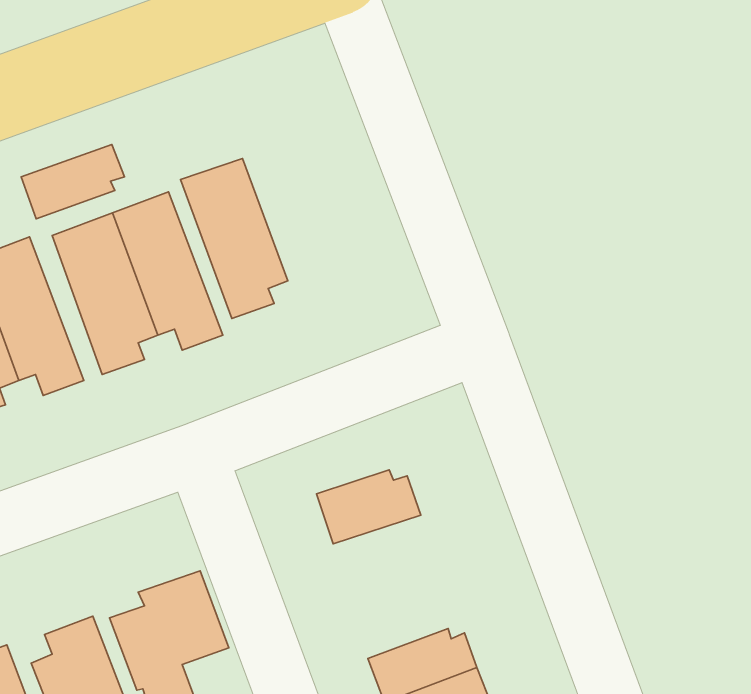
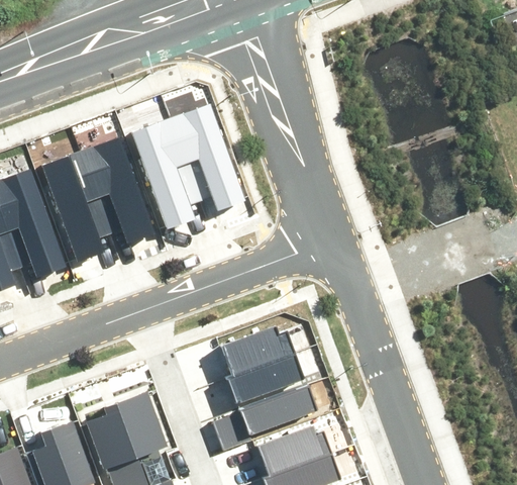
building: none -> [173,103,245,208]
building: [21,144,124,219] -> none
building: none -> [225,356,301,404]
building: none -> [241,385,316,434]

